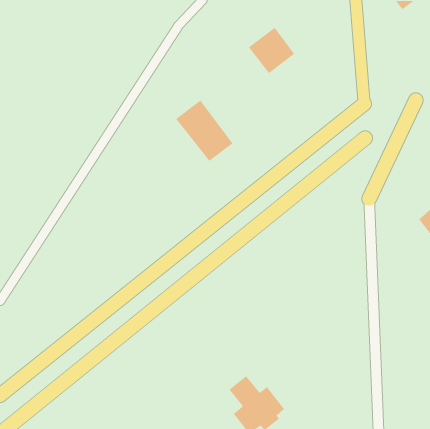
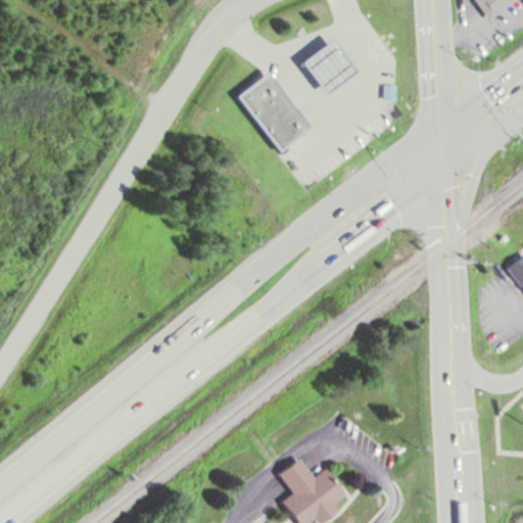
building: [175,100,233,162] -> [237,74,307,149]

